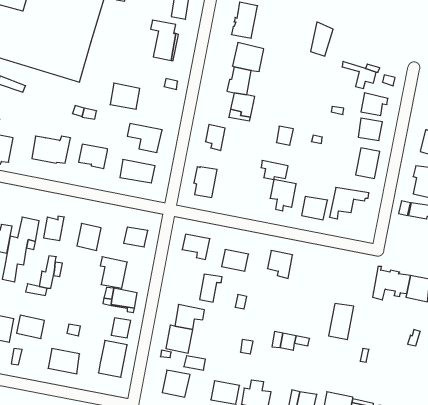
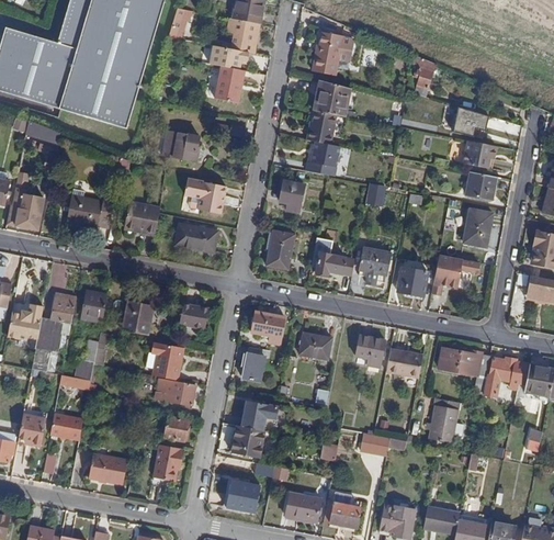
building: [261,160,288,179] -> [310,251,343,274]
building: none -> [385,348,422,378]
building: none -> [438,348,489,384]
building: [200,274,222,302] -> [242,347,270,381]

